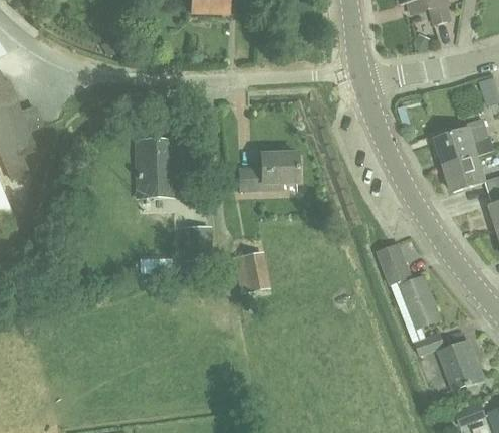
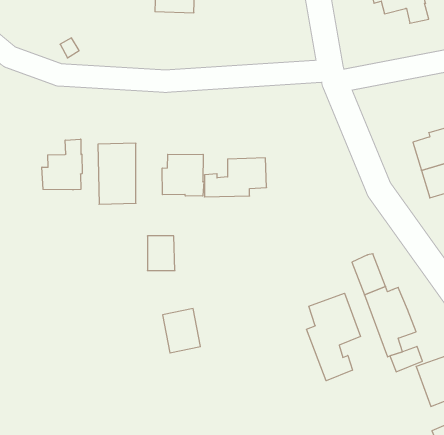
building: none -> [42,139,82,190]
building: none -> [162,154,204,196]
building: [232,249,268,291] -> [163,309,200,353]
building: none -> [307,293,361,381]

